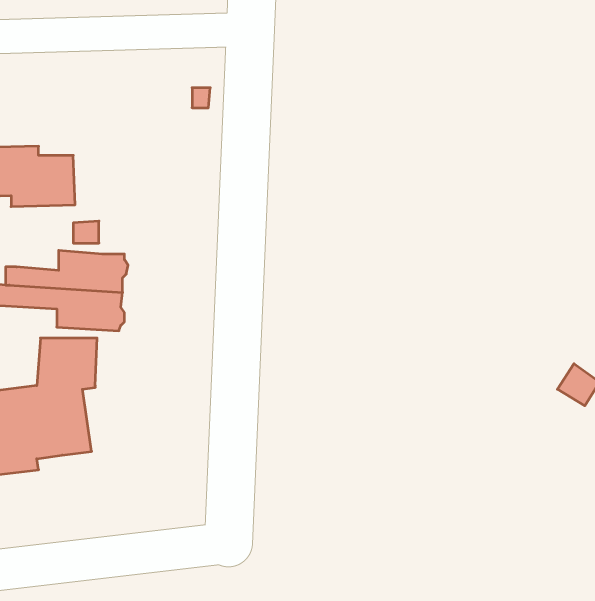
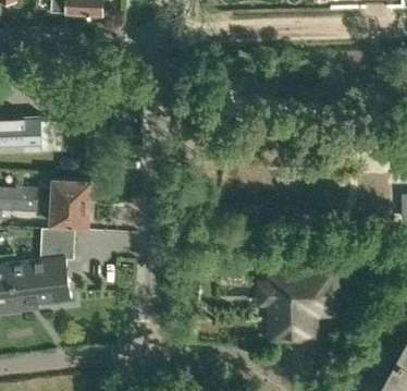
building: none -> [258,272,333,338]

